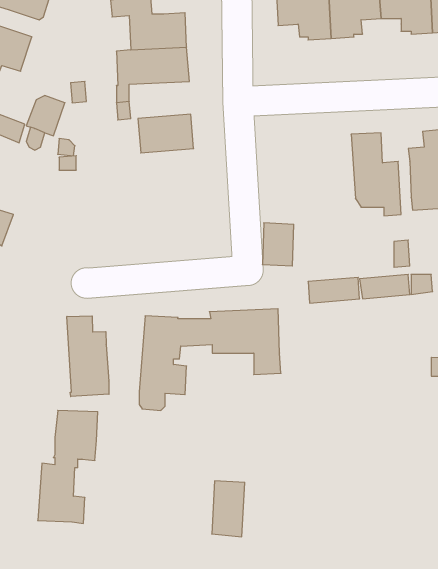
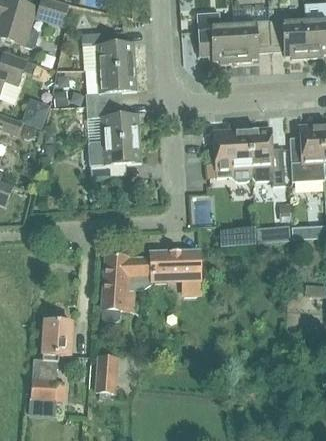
building: none -> [213,128,252,180]
building: none -> [87,138,141,178]
building: [67,316,109,397] -> none
building: [212,481,245,537] -> [94,355,117,394]

